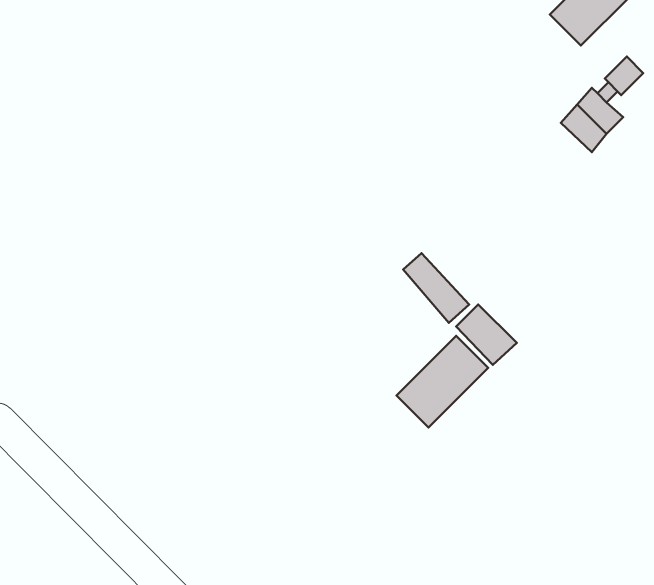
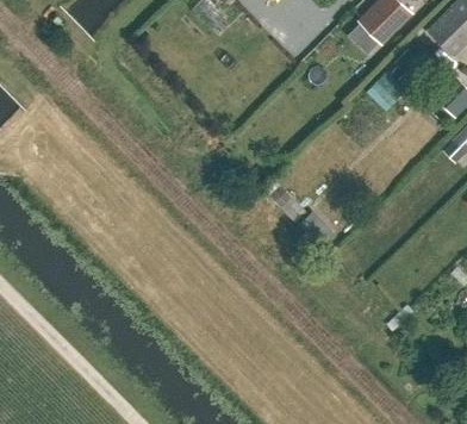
building: [397,336,488,427] -> none

